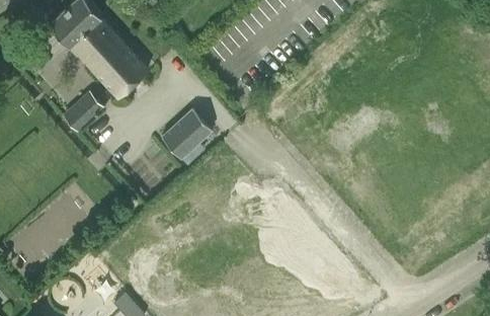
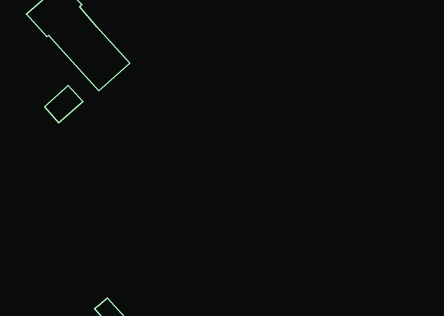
building: [161,110,217,171] -> none

